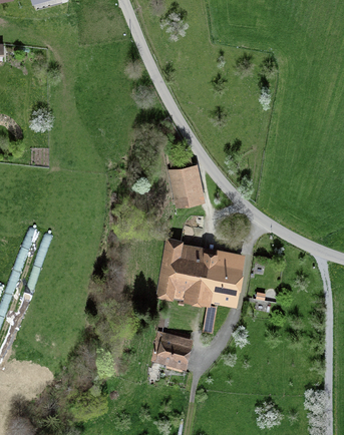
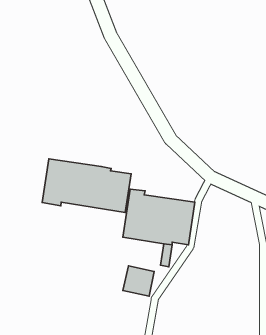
building: [167,164,205,207] -> none
building: none -> [42,159,131,212]

